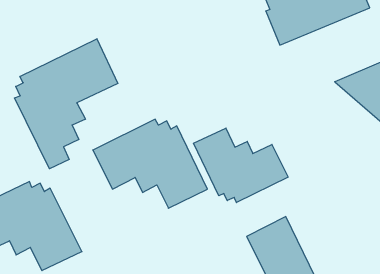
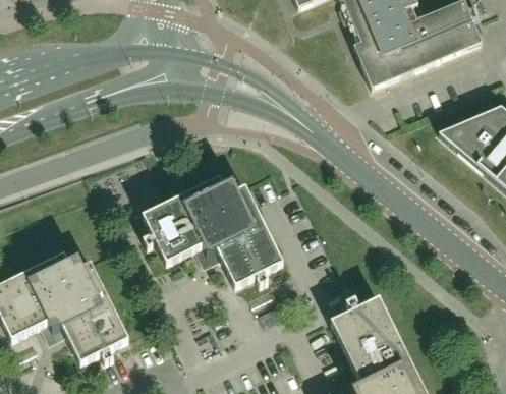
building: [15,39,118,169] -> none
building: [193,128,288,203] -> none

